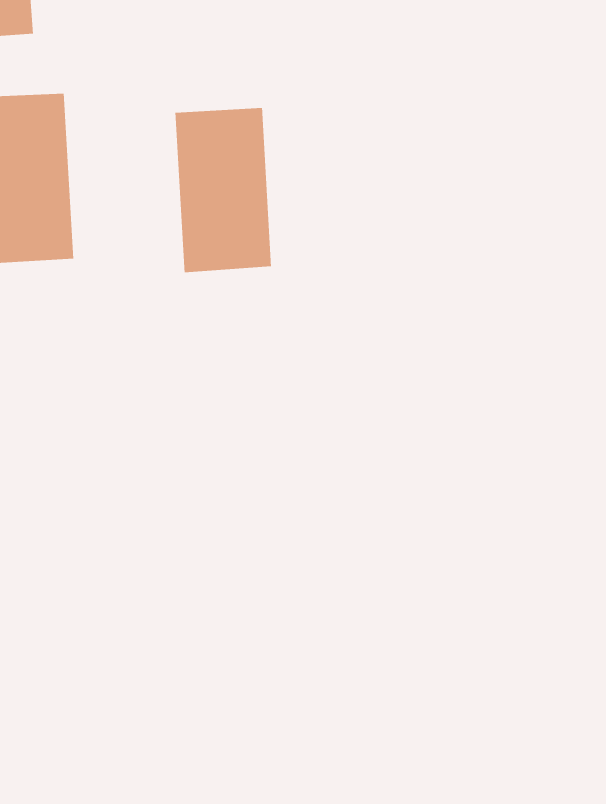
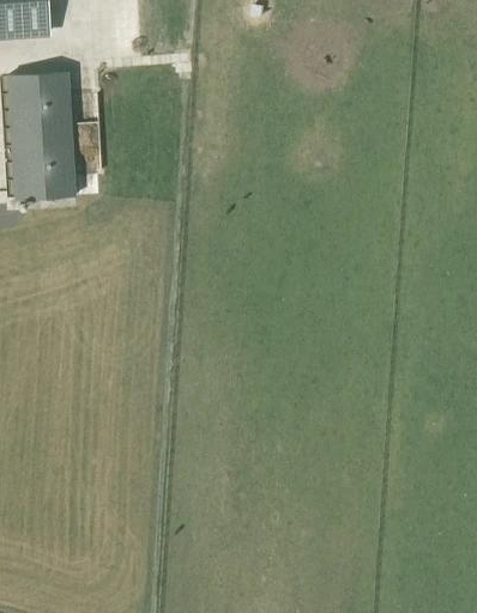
building: [175,107,271,273] -> none

